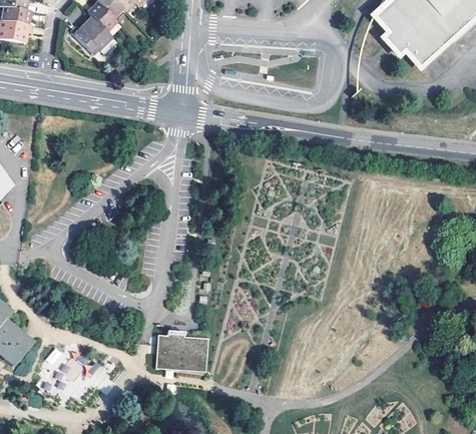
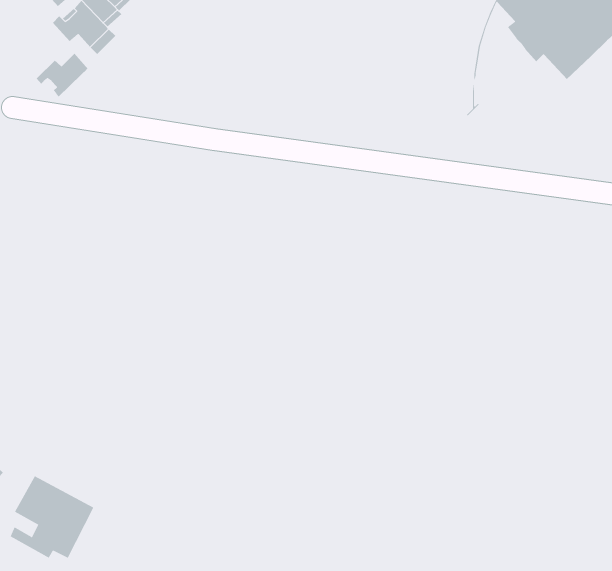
building: none -> [36,53,88,97]
building: [154,331,206,371] -> none

